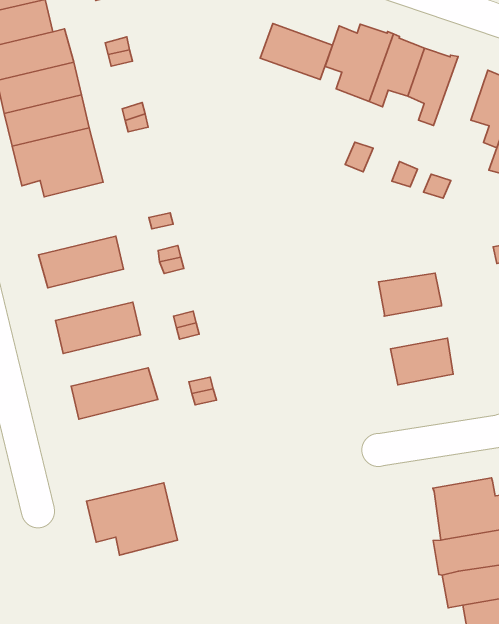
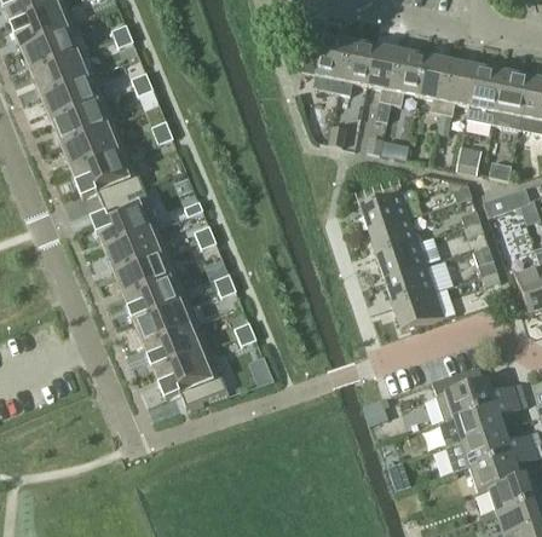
building: [260,23,333,80] -> none
building: none -> [390,48,425,105]
building: none -> [90,185,160,248]
building: none -> [357,190,408,230]
building: none -> [114,249,180,296]
building: none -> [374,241,425,279]
building: none -> [133,298,200,345]
building: none -> [392,291,442,330]
building: [87,483,177,555] -> [154,346,227,406]

